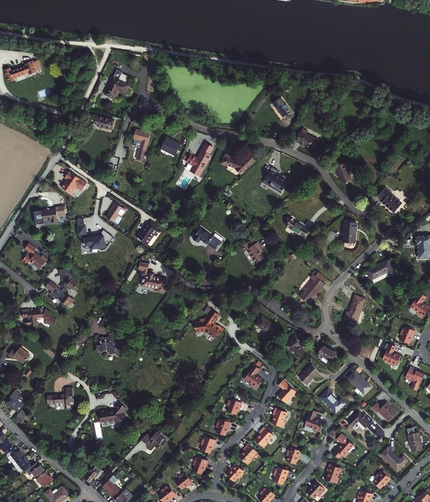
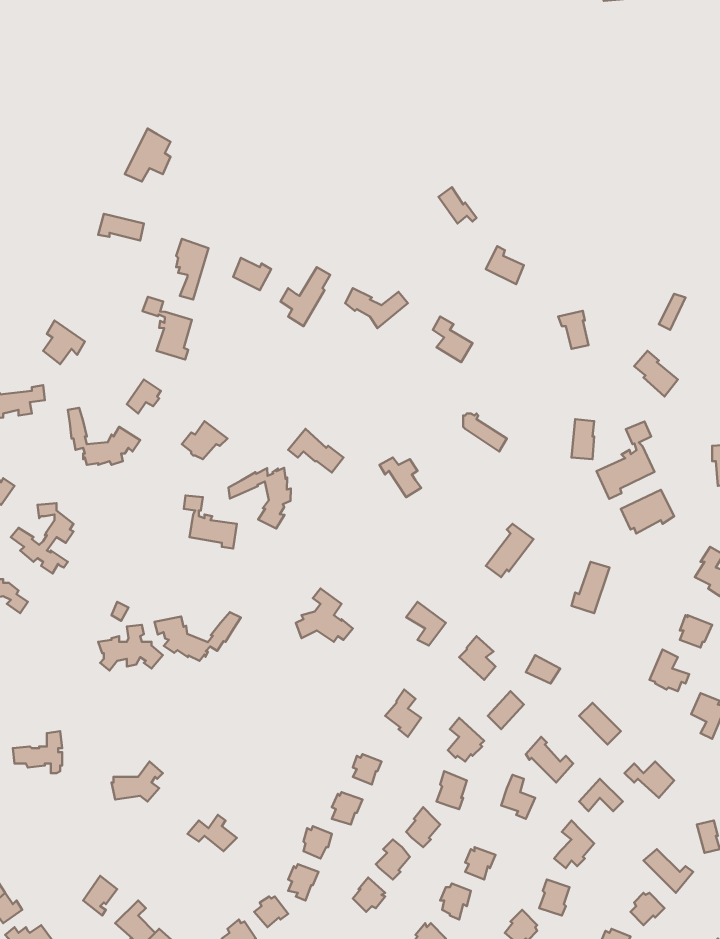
building: none -> [142,297,192,360]
building: none -> [596,422,655,499]
building: none -> [228,468,291,529]
building: none -> [155,612,241,661]

